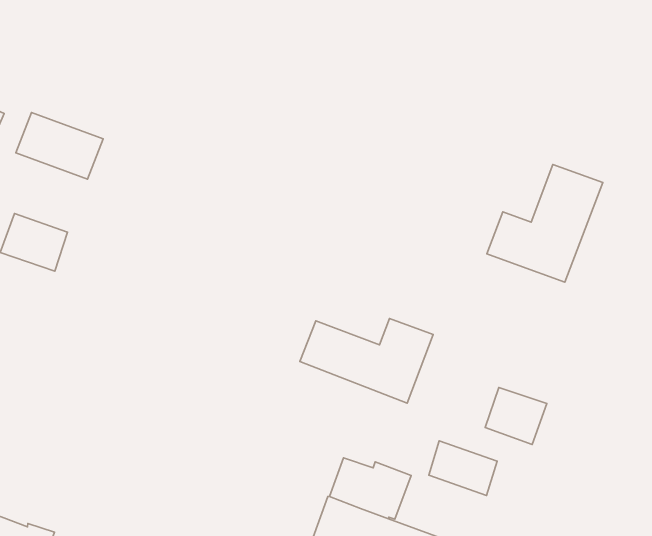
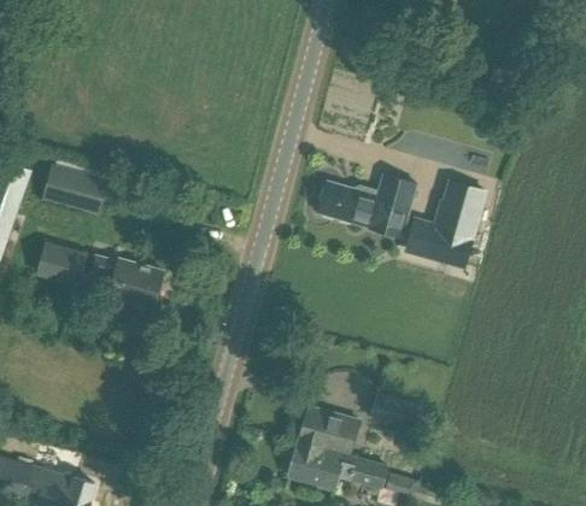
building: none -> [88,253,164,307]
building: [300,319,433,403] -> [318,173,417,236]
building: [485,387,547,444] -> none

